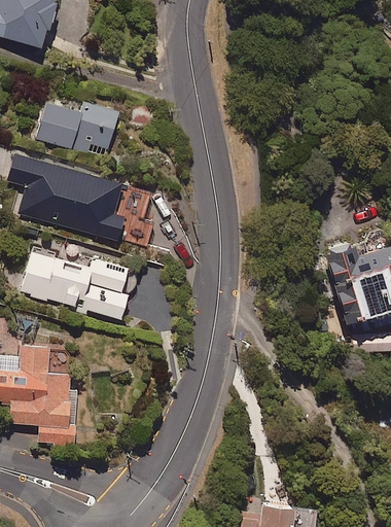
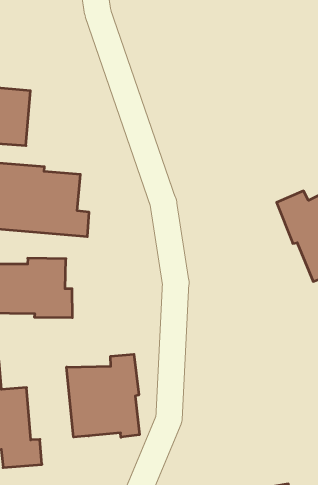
building: none -> [67,354,139,437]

